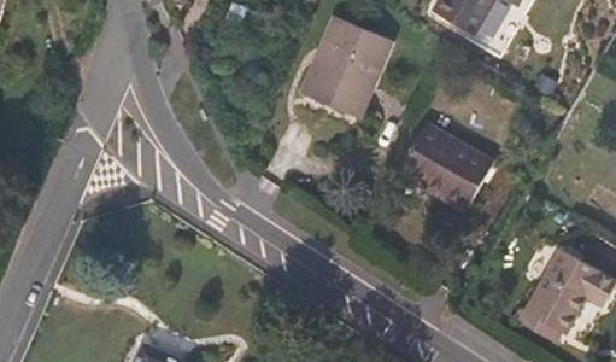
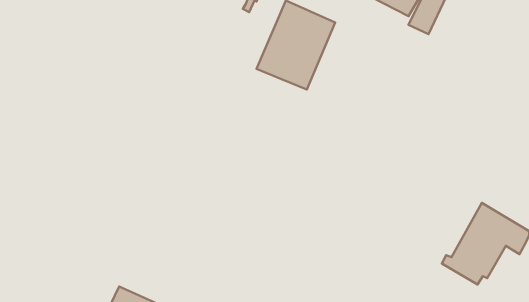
building: [397,122,493,211] -> none

